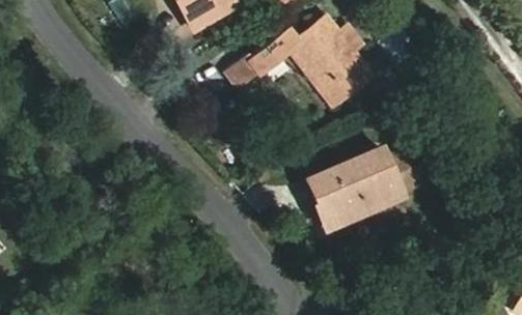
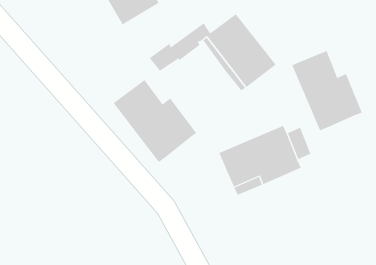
building: none -> [291,50,362,131]
building: none -> [113,79,197,163]

